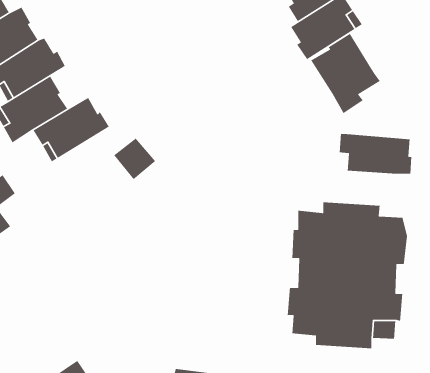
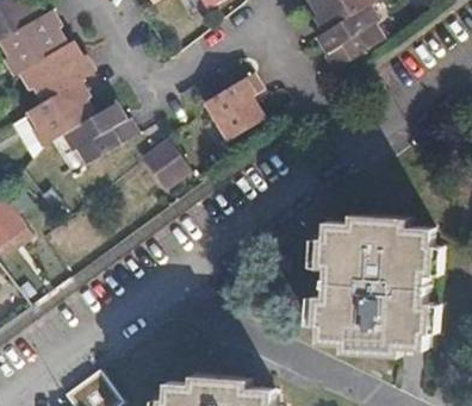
building: [310,33,381,114] -> none
building: none -> [198,74,257,140]
building: [339,133,412,175] -> none

